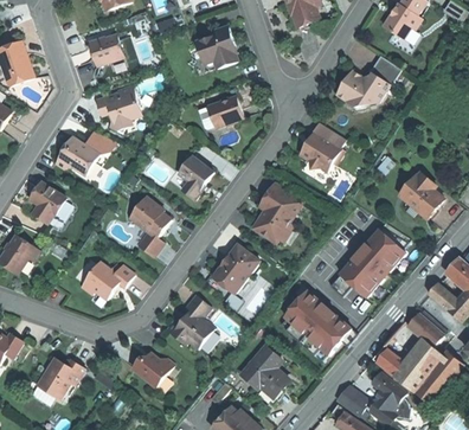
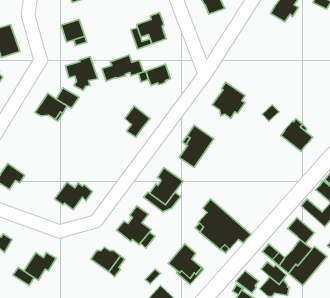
building: [340,54,400,104] -> none
building: none -> [102,55,143,81]
building: [32,182,66,223] -> none
building: [130,195,173,256] -> none
building: [328,220,407,297] -> none

